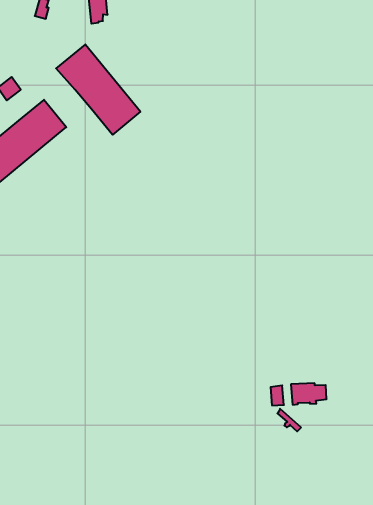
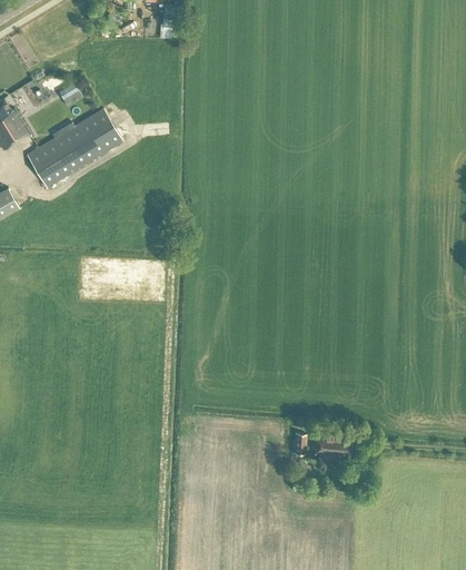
building: [56,44,140,135] -> none

